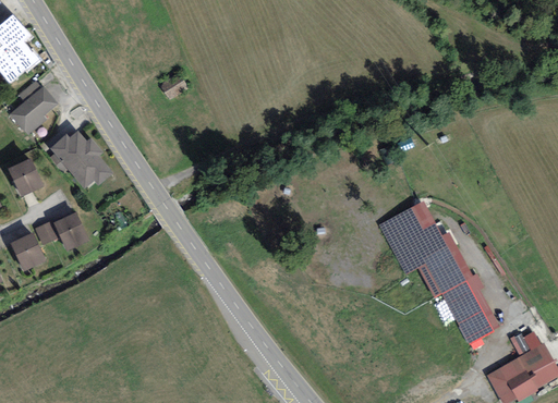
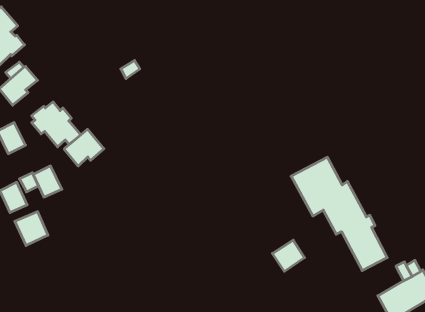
building: none -> [64,129,104,166]
building: none -> [15,212,48,246]
building: none -> [272,240,305,271]

